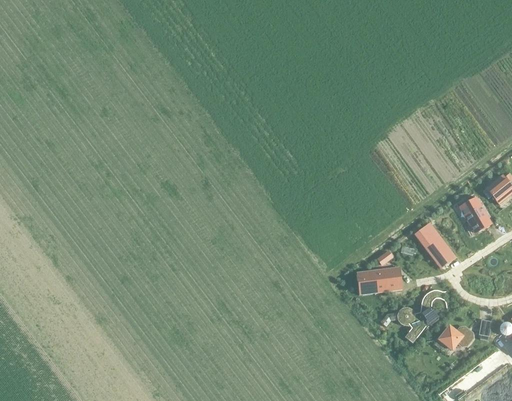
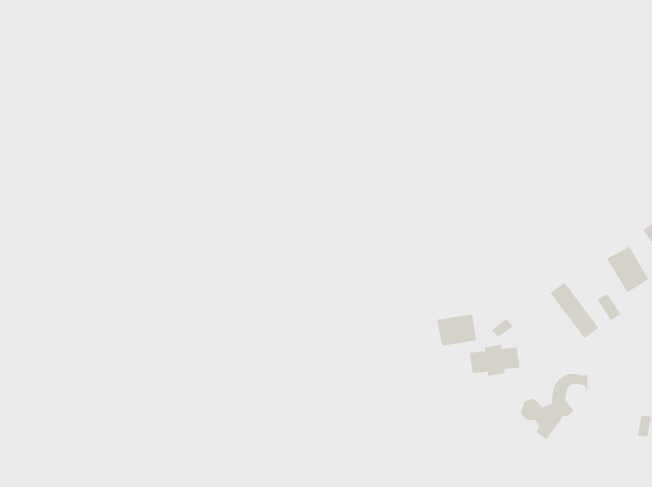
building: none -> [436,314,476,347]
building: [437,327,471,350] -> none

